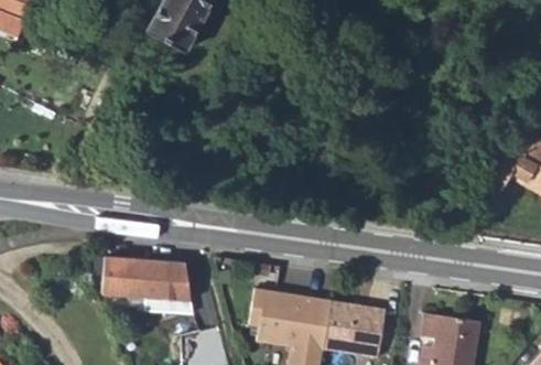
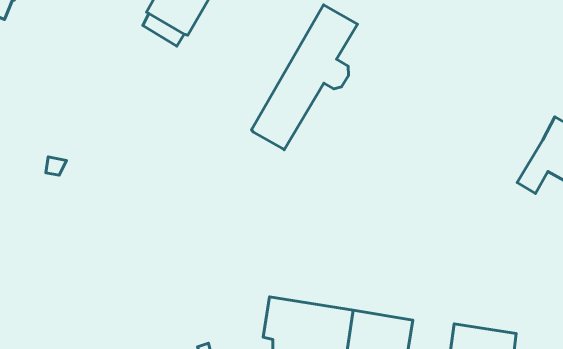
building: none -> [251,5,358,150]
building: [102,258,193,313] -> none

